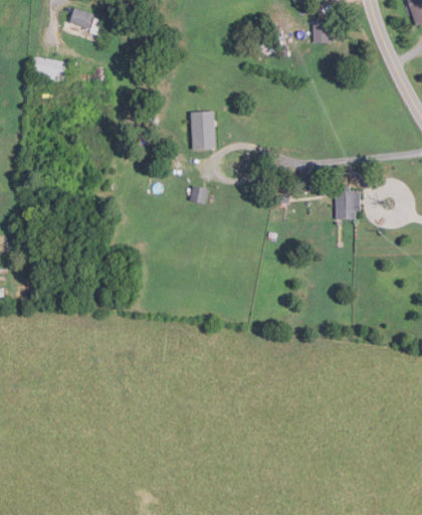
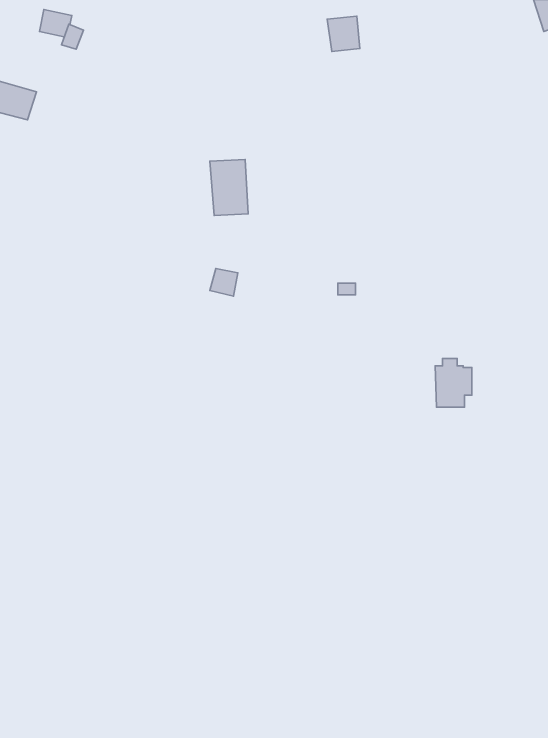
building: [312,20,335,44] -> [327,16,360,51]
building: [334,186,359,219] -> [435,359,472,407]

